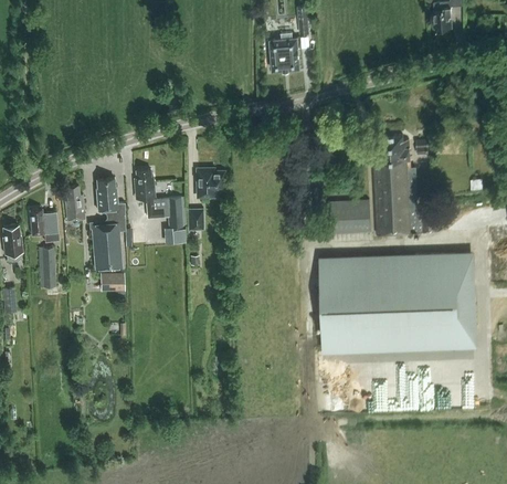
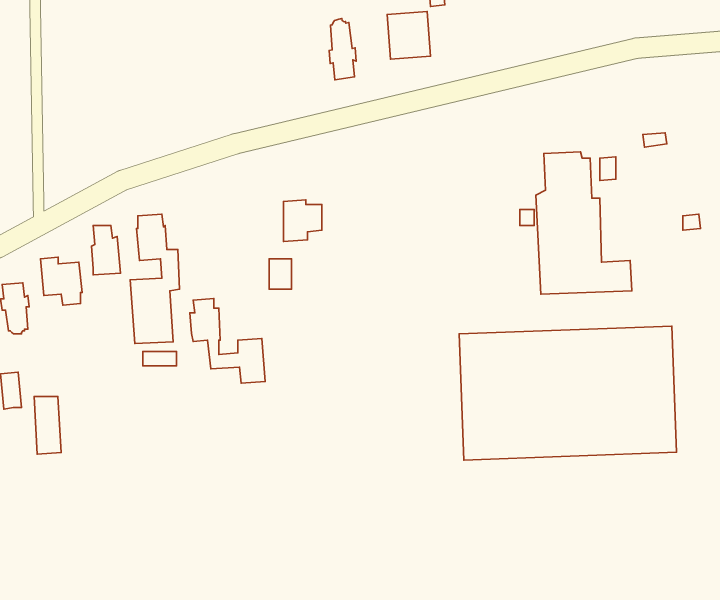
building: none -> [329,19,356,80]
building: [134,170,186,229] -> [190,299,265,383]
building: [329,201,371,234] -> none
building: [38,249,56,288] -> [34,397,61,454]

